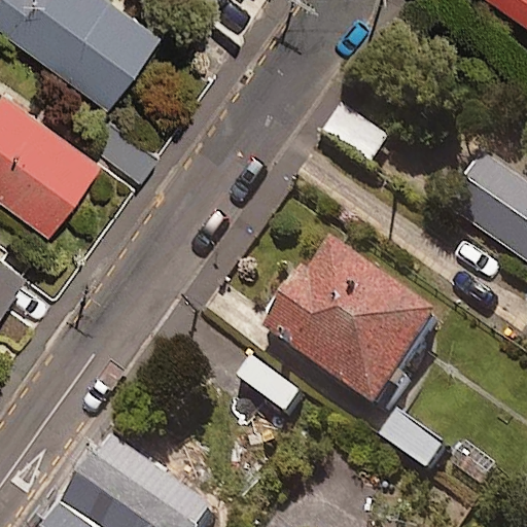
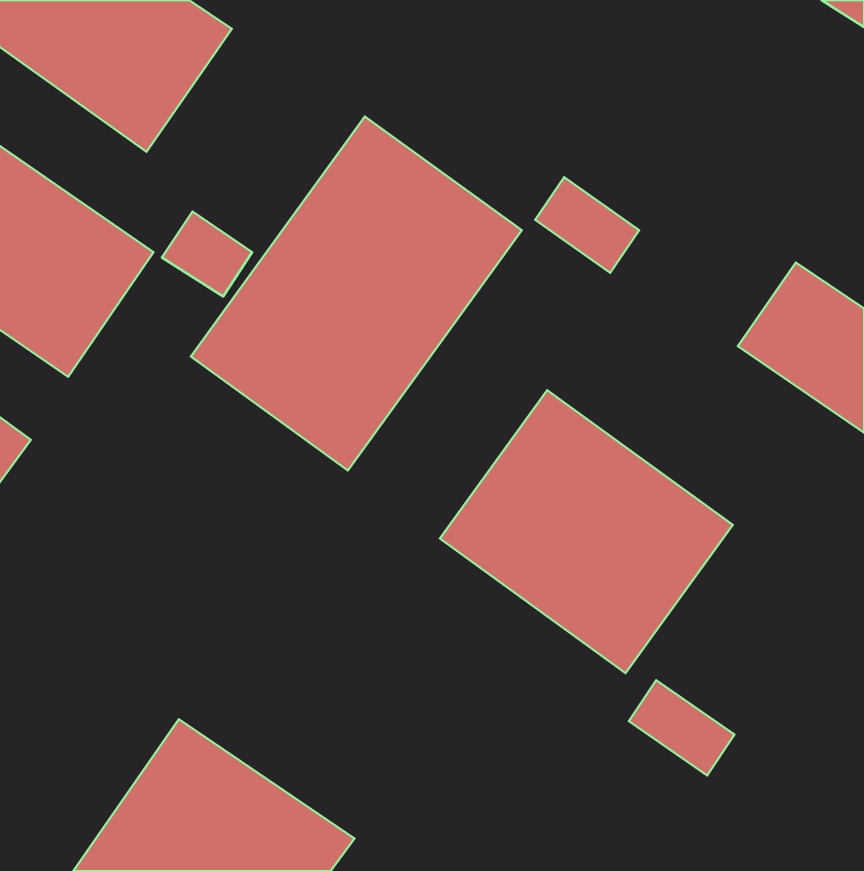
building: none -> [191,116,522,470]

